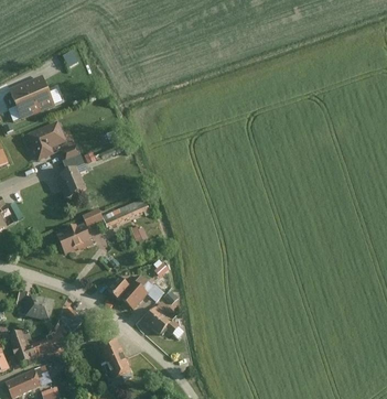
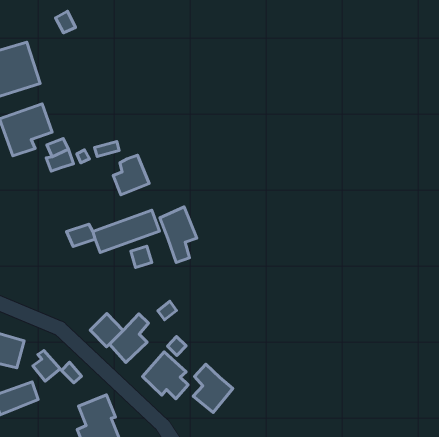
building: [56,168,84,198] -> [113,155,149,195]
building: none -> [160,207,197,263]
building: [54,224,90,256] -> none
building: none -> [193,364,233,412]

